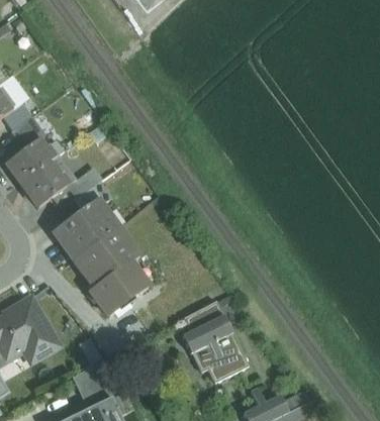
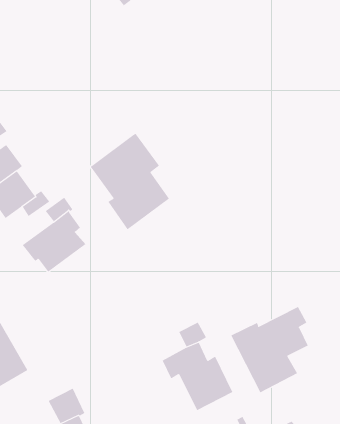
building: [74,225,148,315] -> [90,133,170,230]
building: none -> [230,306,309,393]

